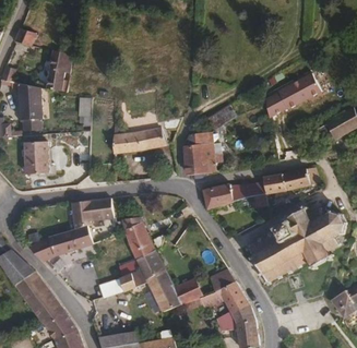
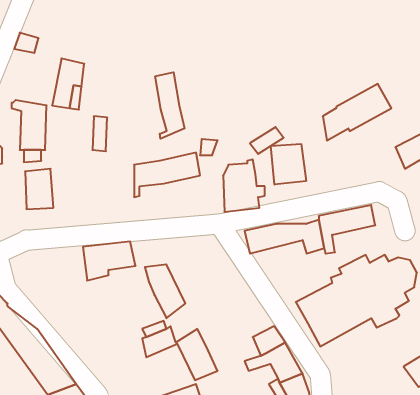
building: none -> [155,72,185,139]
building: none -> [271,144,306,185]
building: [27,227,92,260] -> none
building: [139,249,164,280] -> none
building: [172,276,215,303] -> none

